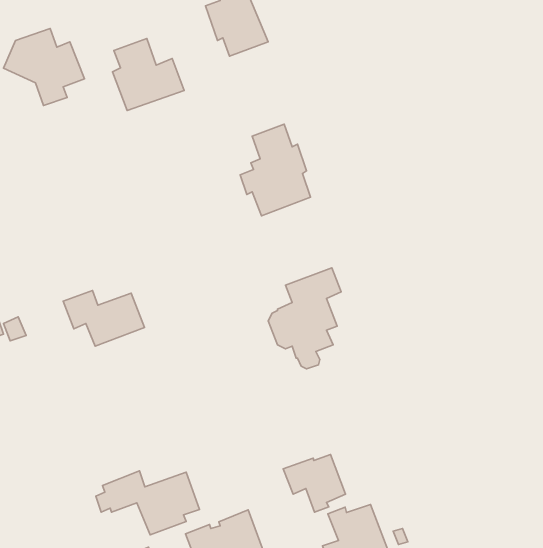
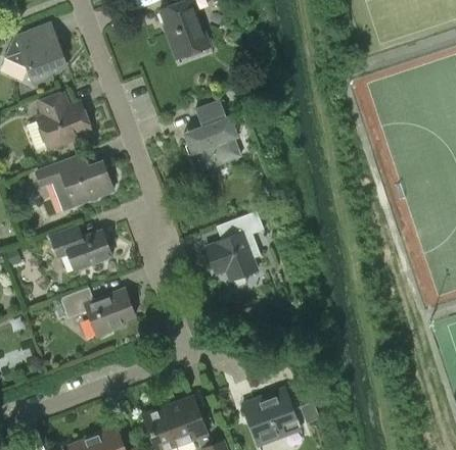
building: [112,39,184,110] -> [37,93,92,148]
building: none -> [35,156,113,209]
building: [283,455,346,512] -> none
building: [96,471,199,535] -> [55,287,135,336]

